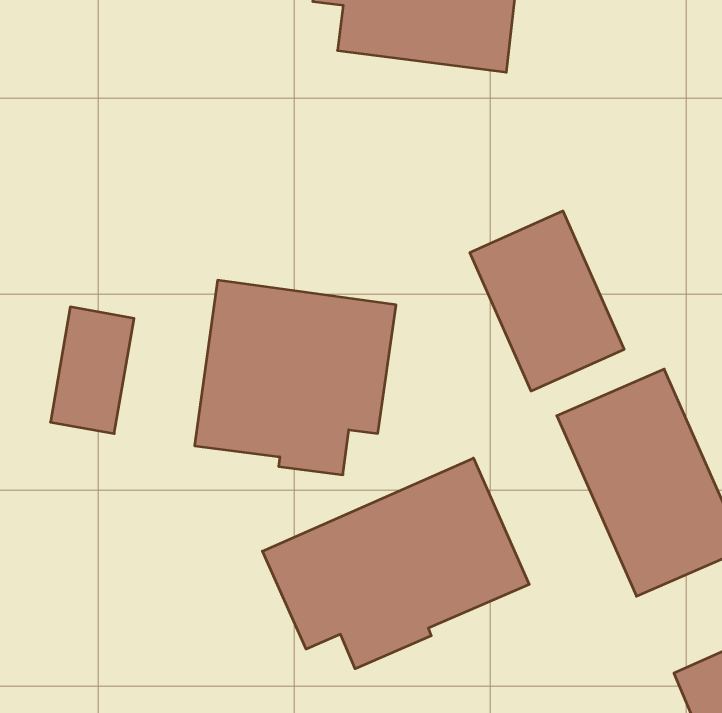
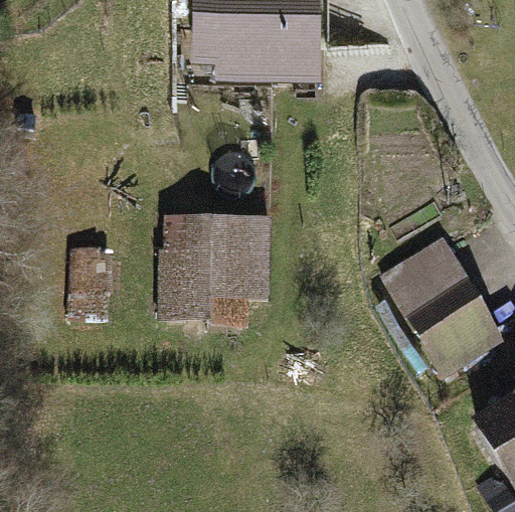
building: [470,211,624,391] -> none
building: [262,458,529,669] -> none

